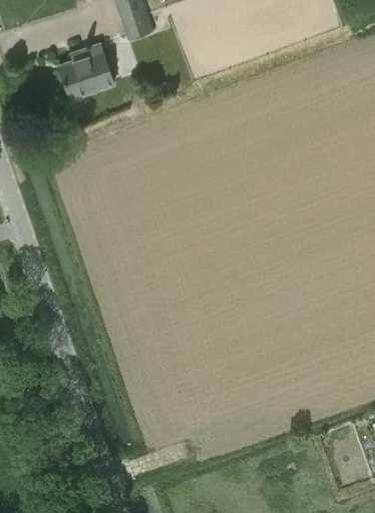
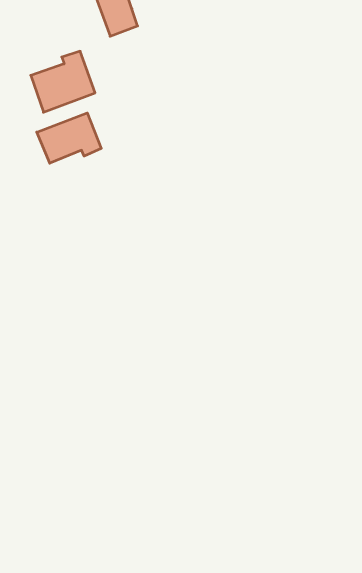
building: none -> [37,113,101,163]

